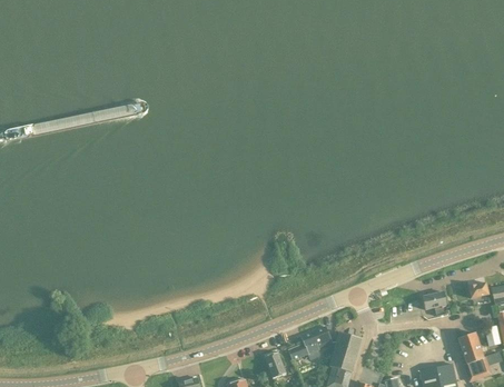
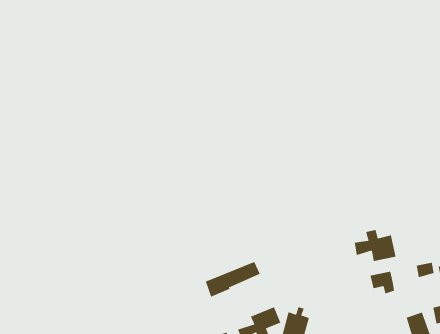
building: none -> [354,229,396,262]
building: none -> [205,261,260,298]

